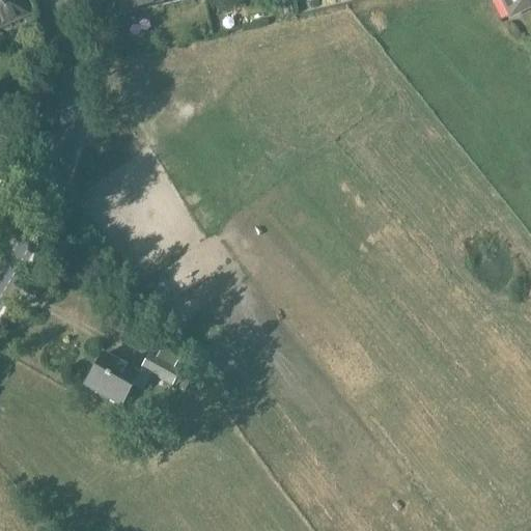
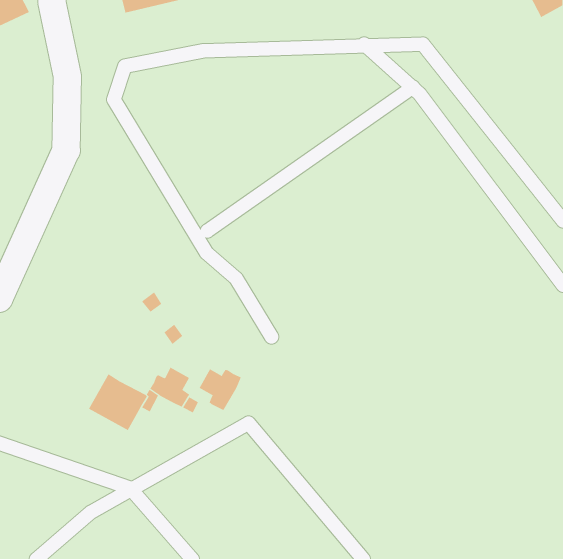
building: none -> [199,368,242,411]

